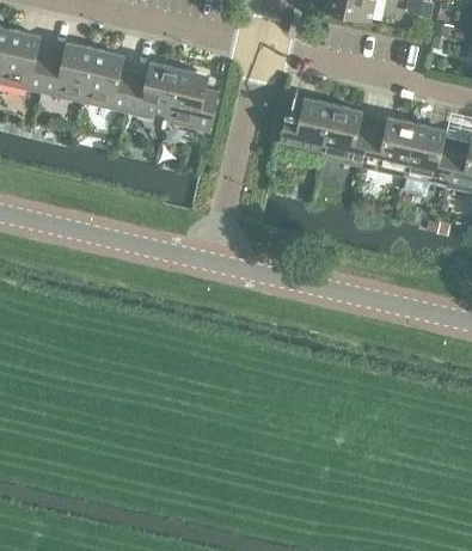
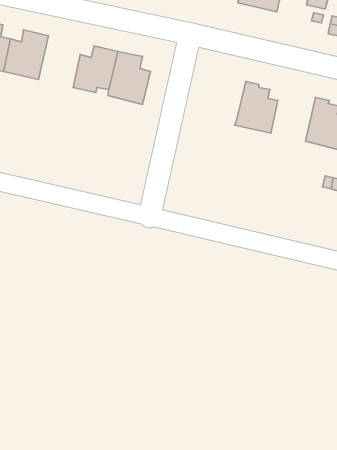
building: [82,49,133,111] -> none
building: [278,99,332,149] -> none
building: [362,120,416,176] -> none

